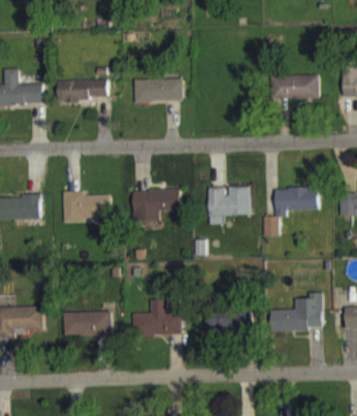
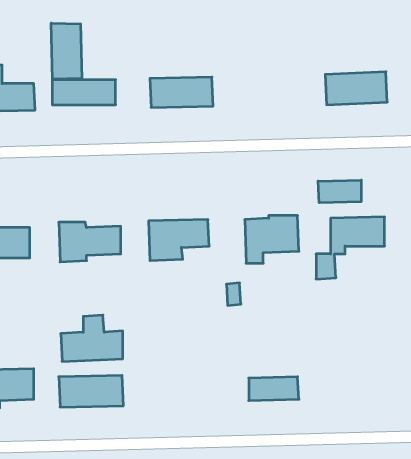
building: none -> [51,23,82,79]
building: none -> [318,180,361,203]
building: [270,292,321,330] -> none
building: [132,298,181,334] -> [61,315,123,361]

